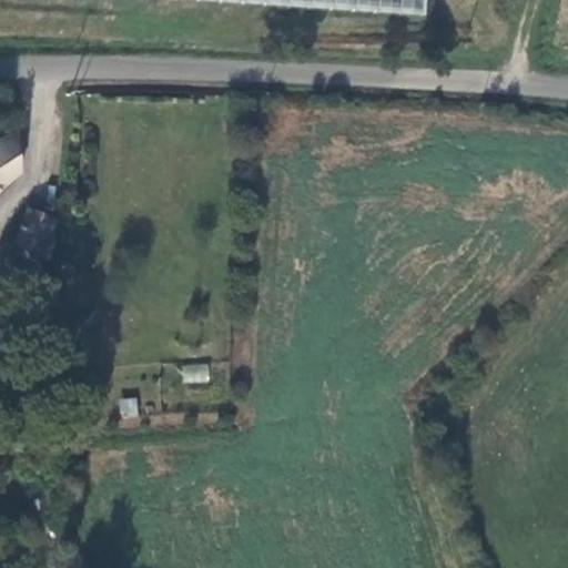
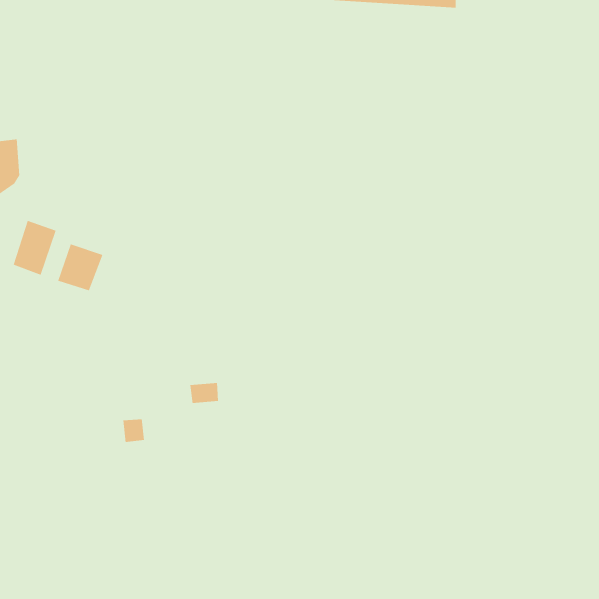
building: none -> [58,244,103,291]

